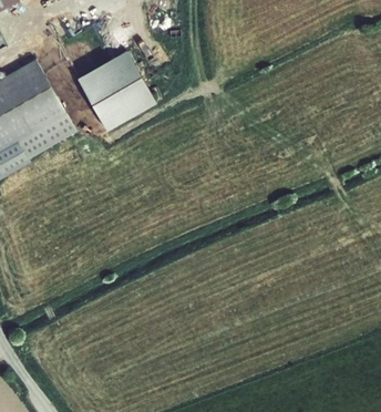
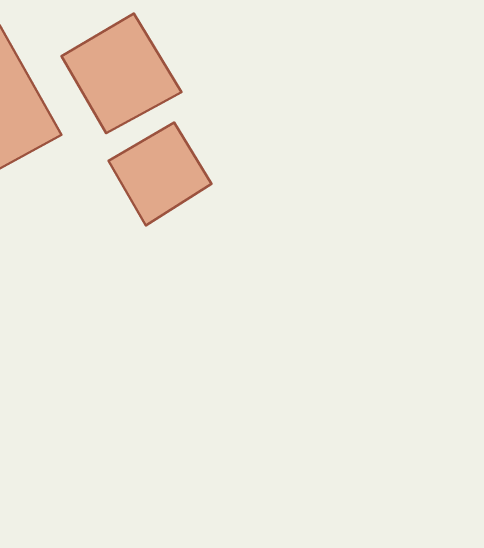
building: none -> [109,122,212,226]

